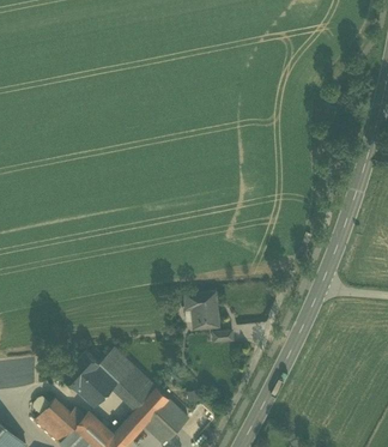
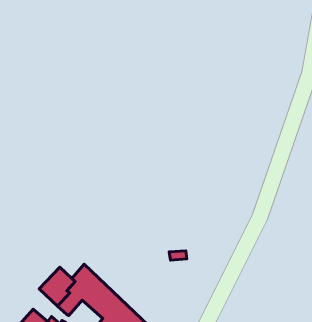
building: [187,295,218,331] -> none

